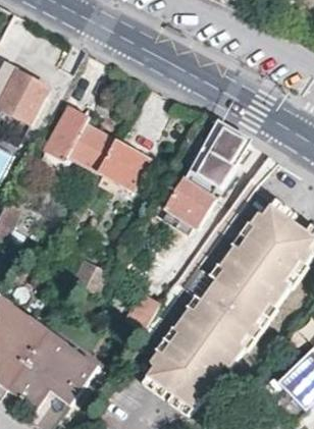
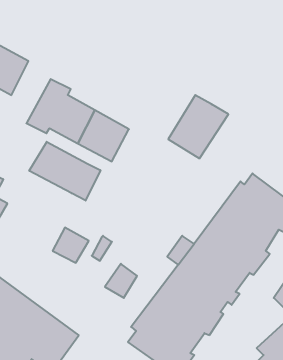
building: none -> [29,142,100,201]
building: [164,179,215,228] -> none

